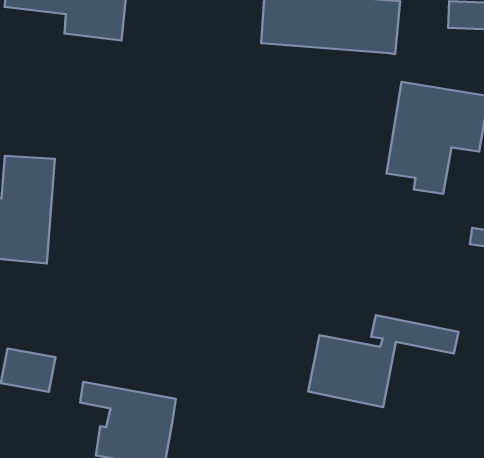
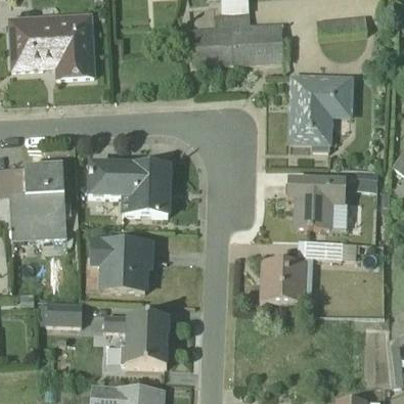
building: none -> [89,163,170,214]
building: none -> [288,177,345,227]
building: none -> [85,239,147,291]

